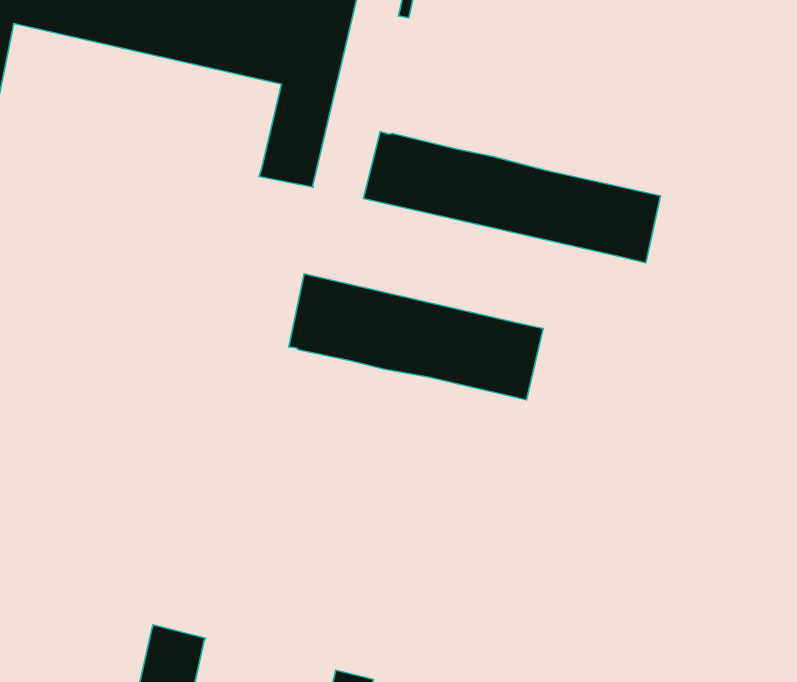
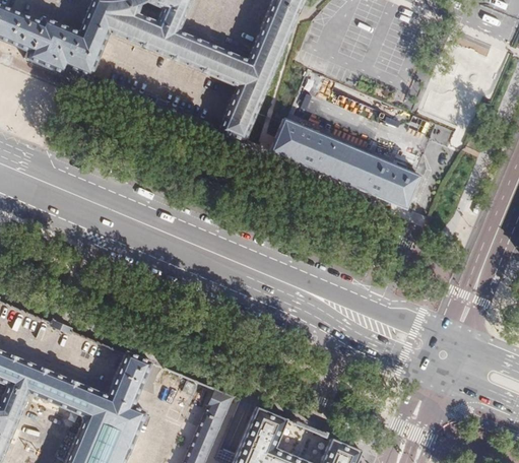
building: [289,274,543,400] -> none

